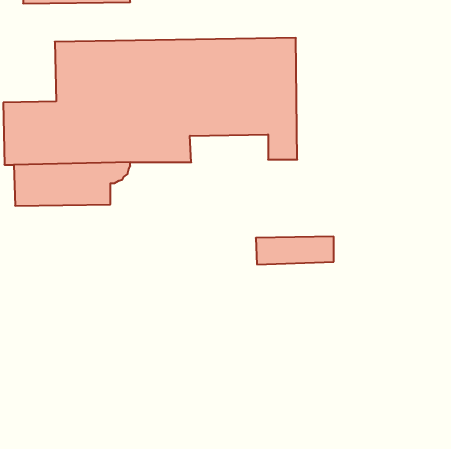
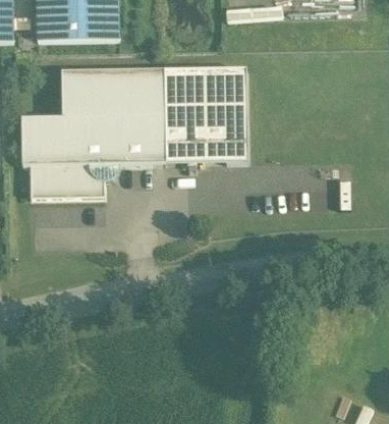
building: [256,237,334,264] -> [165,142,225,163]

